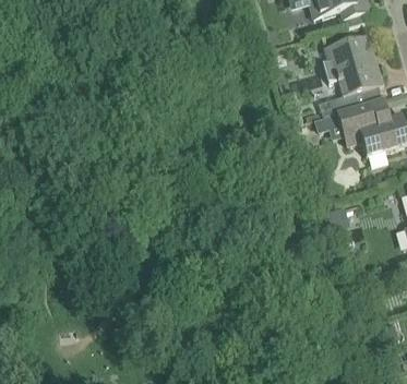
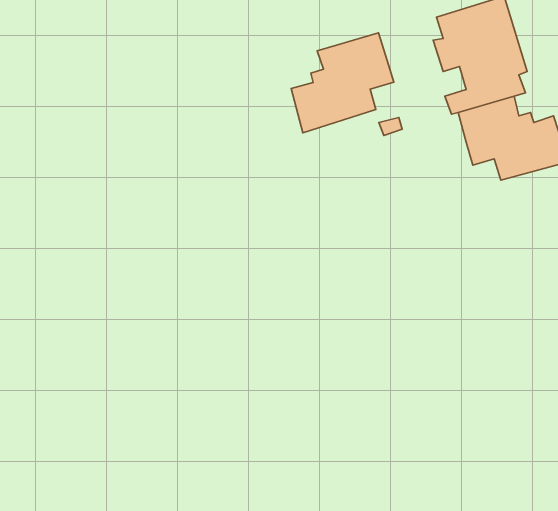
building: none -> [291,33,394,133]

